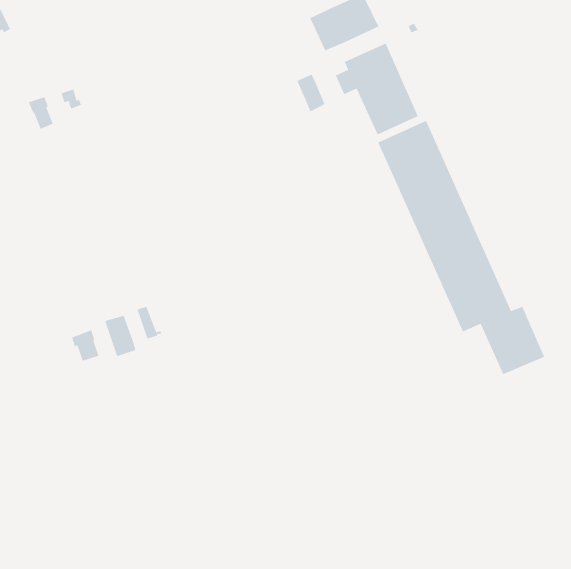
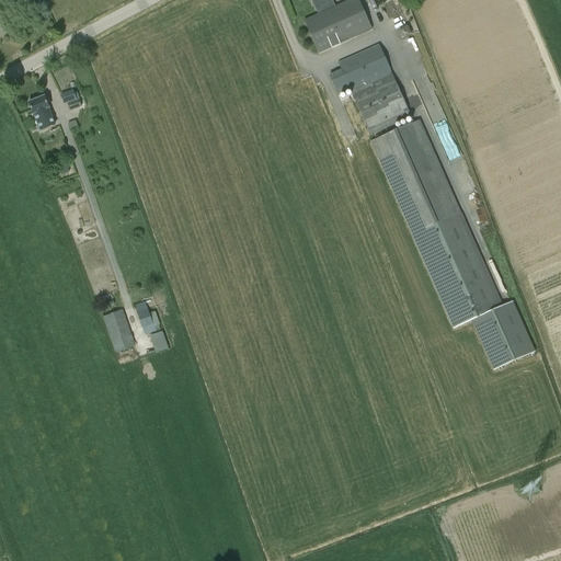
building: [296,74,326,112] -> none
building: [71,329,99,362] -> none

